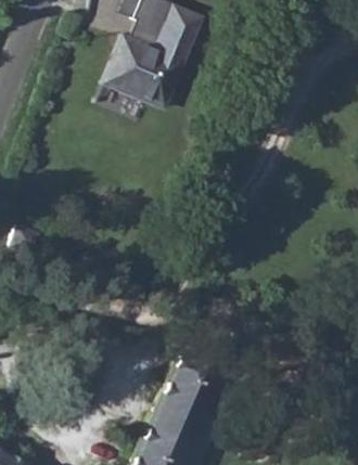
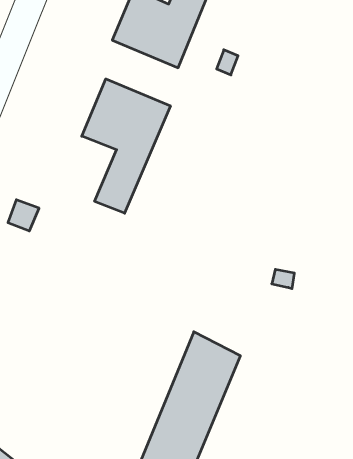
building: none -> [82,79,170,213]

